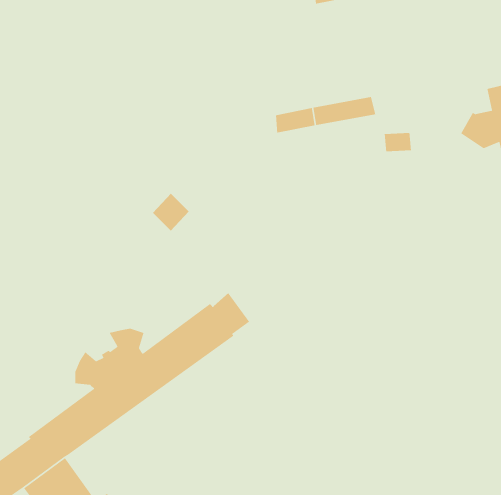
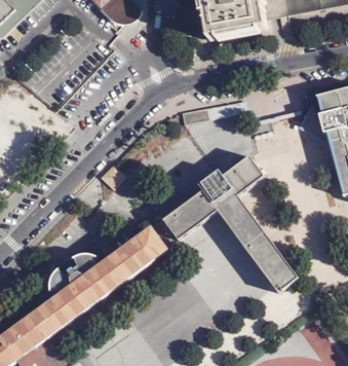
building: none -> [162,153,298,292]

